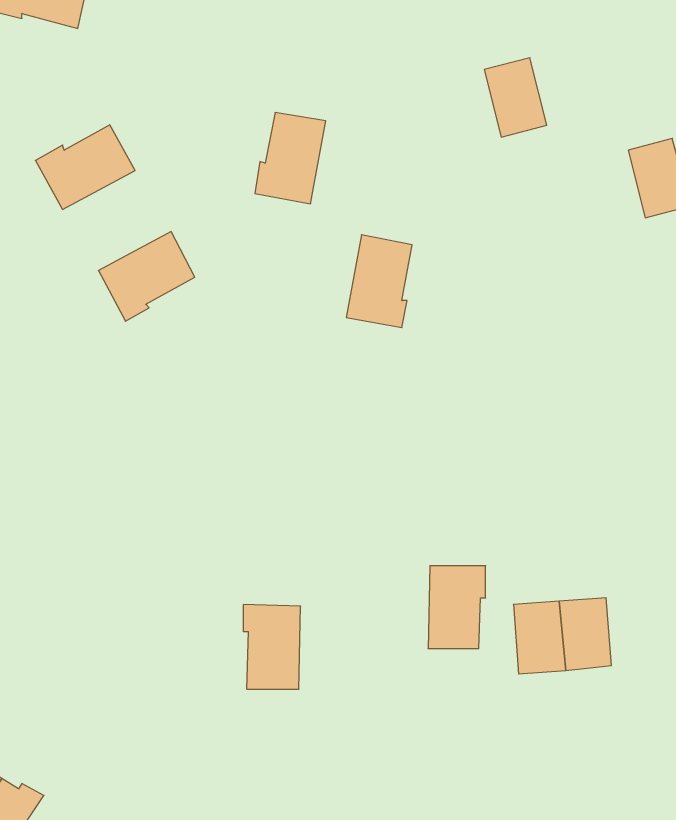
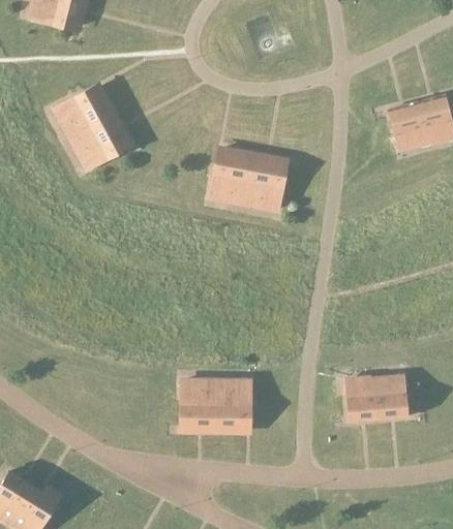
building: [484,58,547,137] -> [390,102,428,151]
building: [255,113,326,204] -> [211,149,254,205]
building: [98,232,195,321] -> [71,115,130,169]
building: [428,566,486,649] -> [216,381,251,432]

